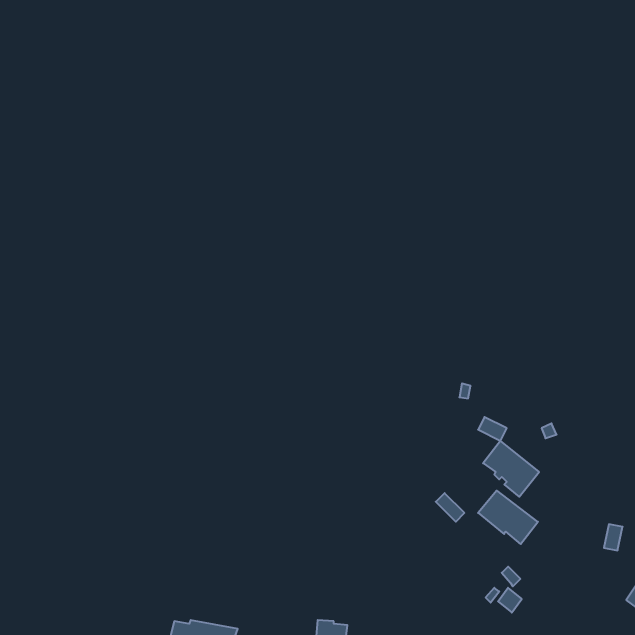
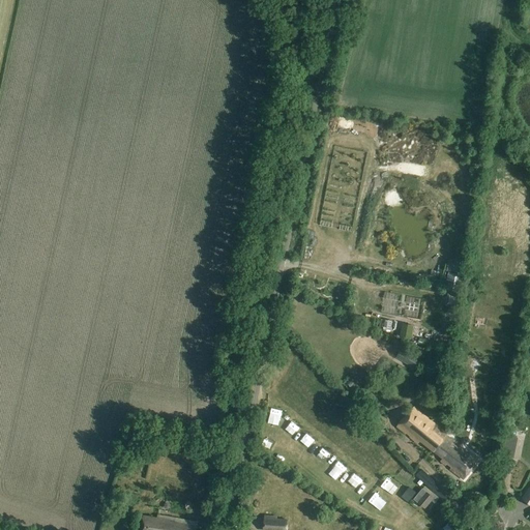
building: [483,441,539,497] -> [434,435,480,481]

